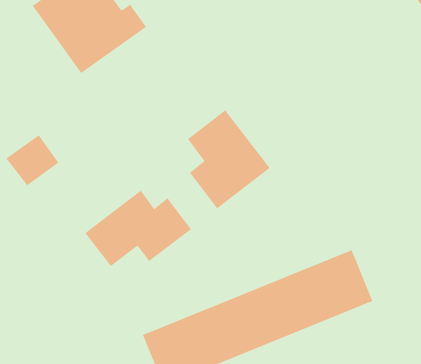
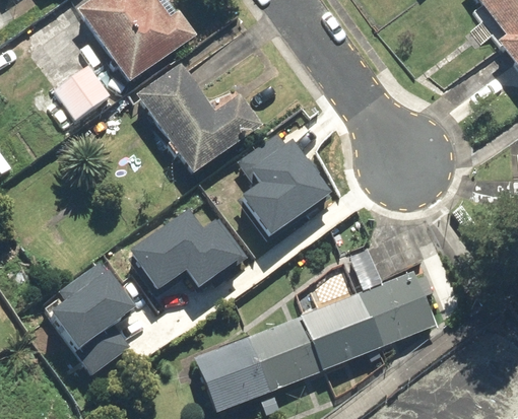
building: none -> [133,64,263,177]
building: [6,135,59,186] -> [54,64,111,119]
building: none -> [52,255,139,368]

